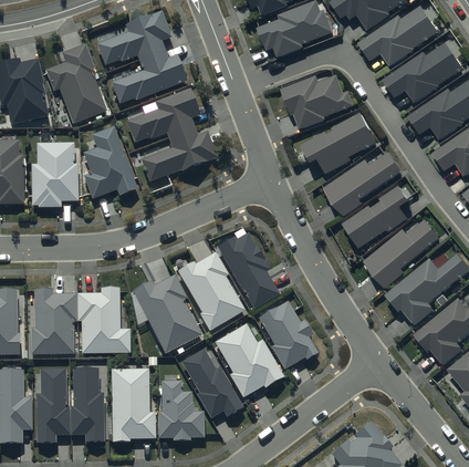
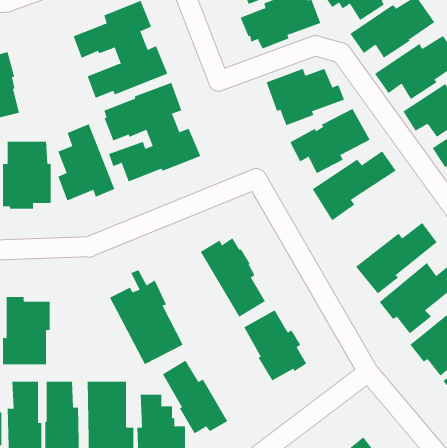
building: [45,43,106,123] -> none
building: [342,185,409,248] -> none
building: [177,251,246,331] -> none
building: [77,288,129,353] -> none
building: [215,323,283,397] -> none

